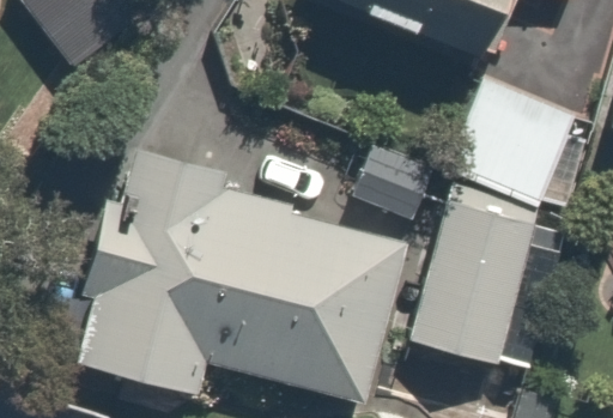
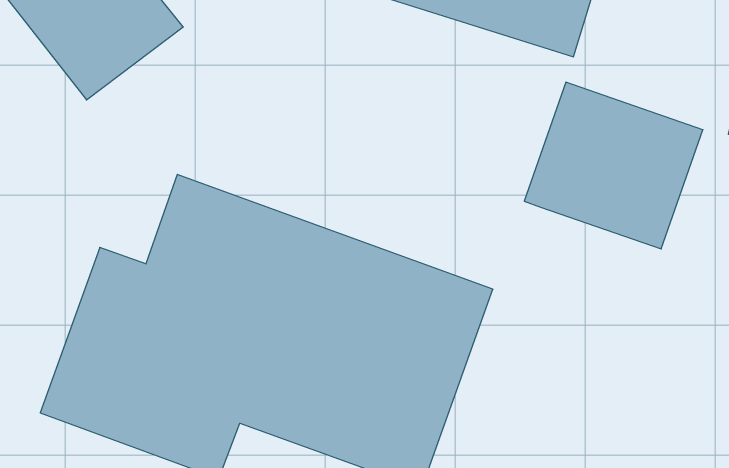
building: [400,177,553,369] -> none

